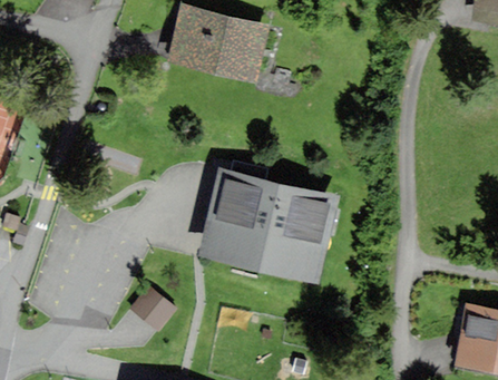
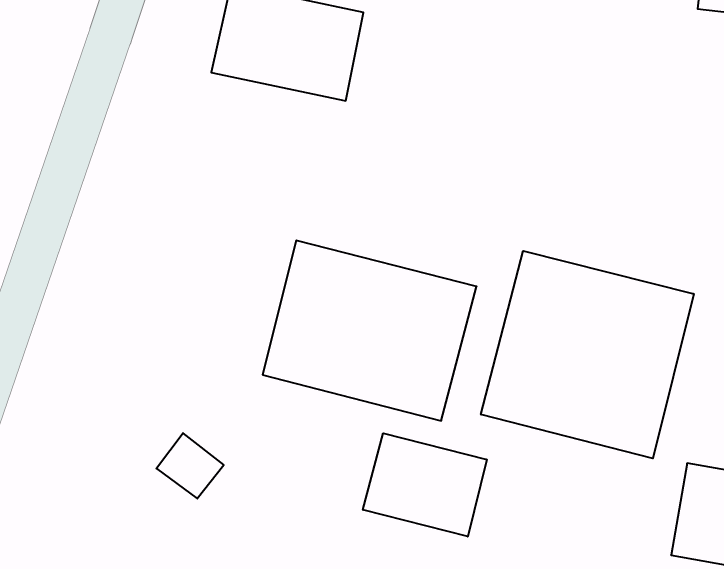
building: none -> [481,251,694,458]
building: none -> [363,433,487,537]

